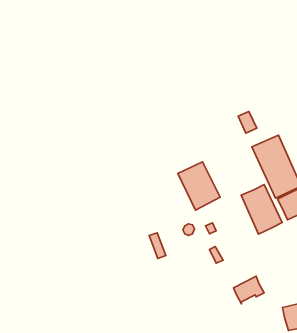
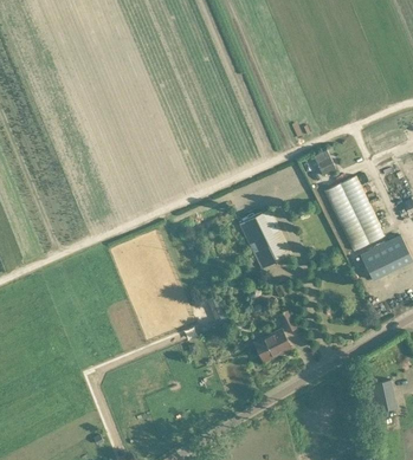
building: [241,185,282,234] -> none
building: [234,276,264,304] -> [253,329,290,362]

